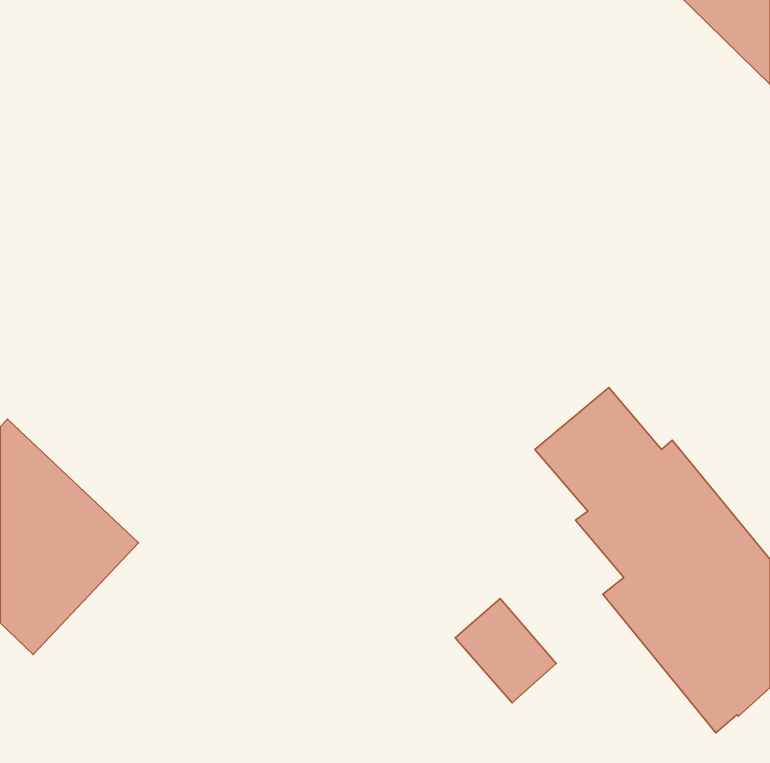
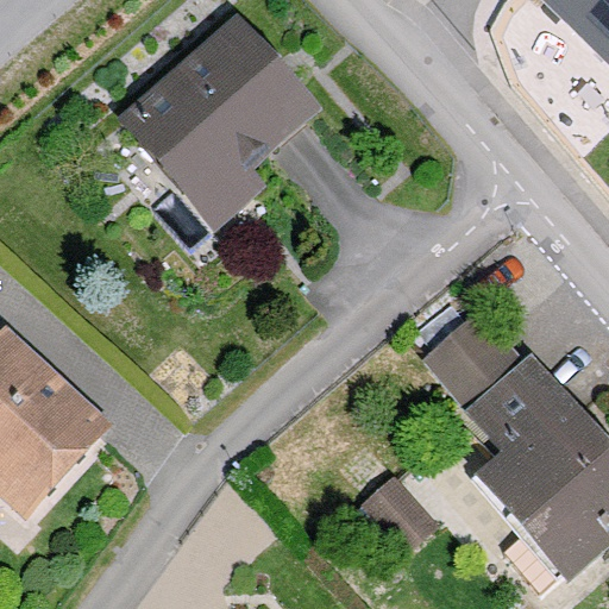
building: none -> [121,18,319,226]

